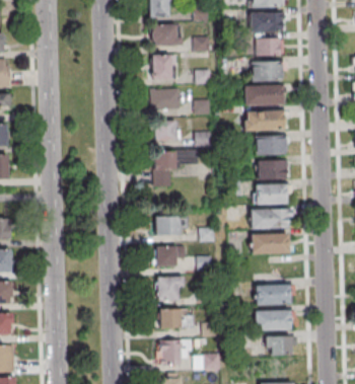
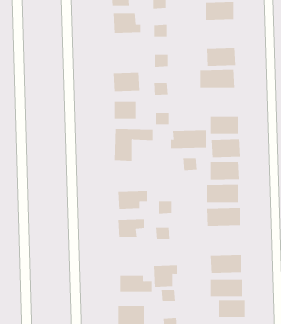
building: [251,36,282,55] -> none
building: [151,55,171,80] -> none
building: [244,110,284,131] -> [170,130,207,149]
building: [157,277,184,301] -> [153,265,178,288]

